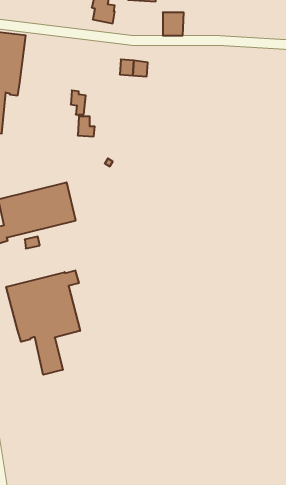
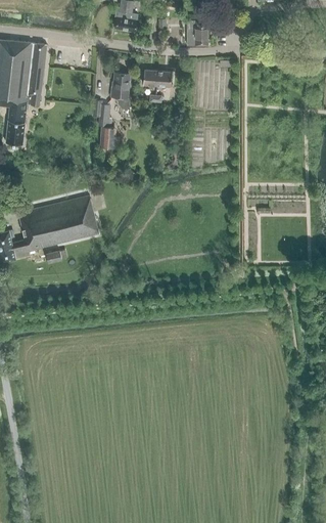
building: none -> [110,72,129,107]
building: [6,270,80,375] -> none

